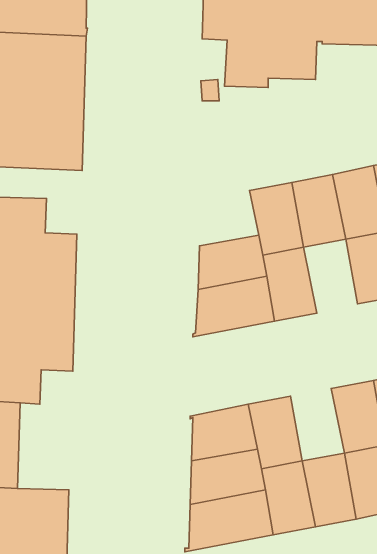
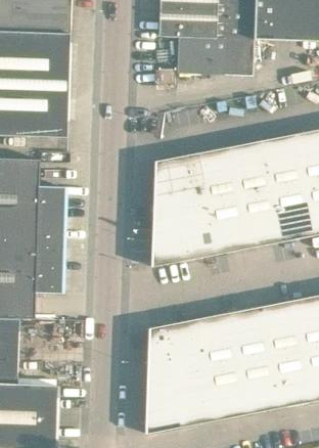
building: none -> [155,153,202,196]
building: none -> [237,191,279,249]
building: none -> [227,307,269,363]

